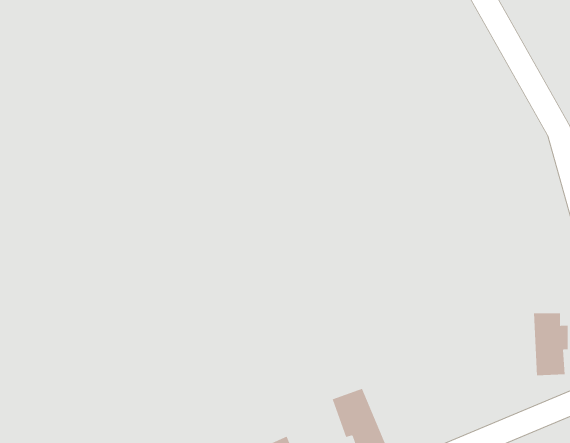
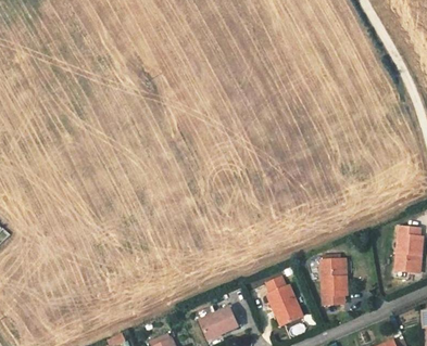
building: none -> [321,257,355,305]

